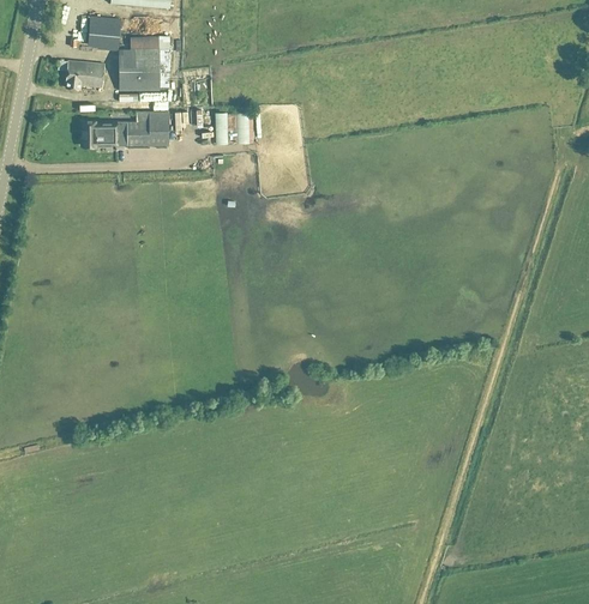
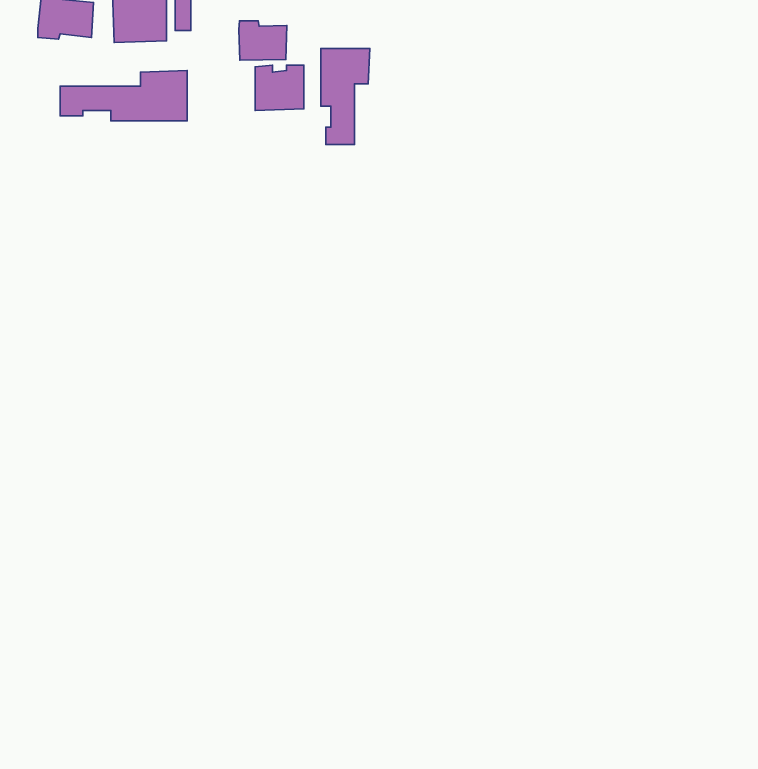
building: none -> [239,21,287,60]
building: none -> [321,48,370,144]

